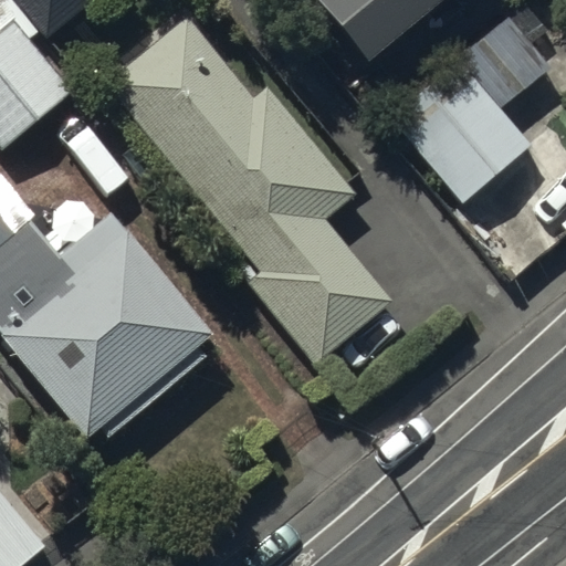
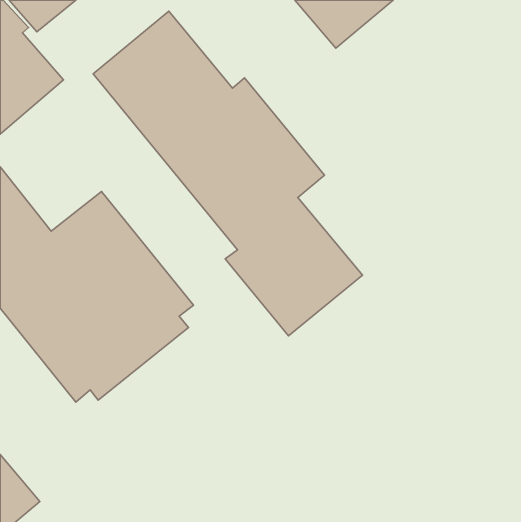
building: [381,18,548,201] -> none

